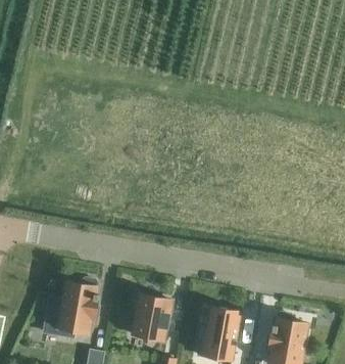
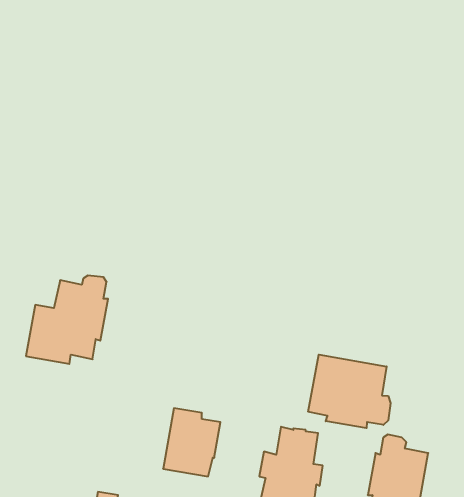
building: none -> [308,355,391,428]
building: [44,279,98,337] -> [26,276,108,364]

